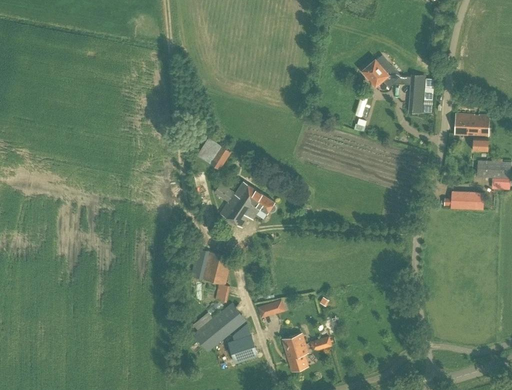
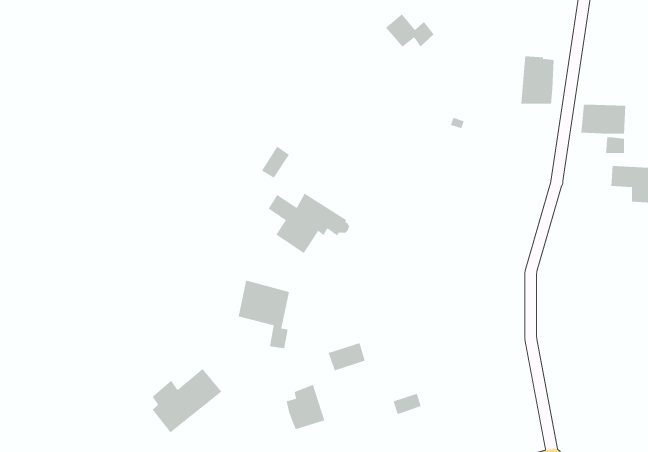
building: [362,59,400,85] -> [385,13,435,47]
building: [451,190,476,209] -> none
building: [193,302,247,352] -> [152,368,222,433]
building: [282,333,307,370] -> none

